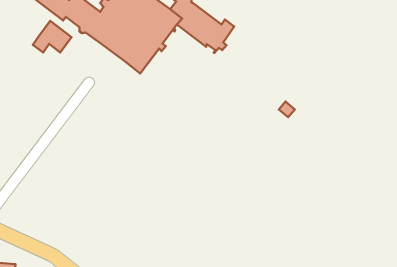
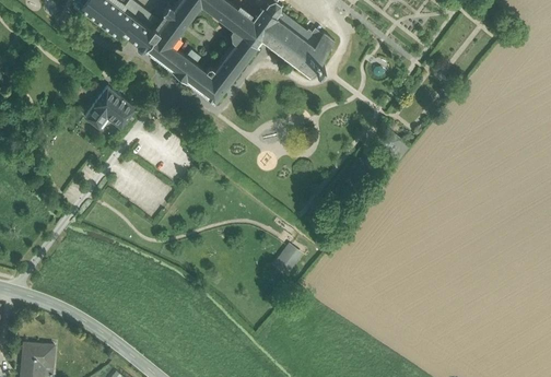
building: [33,21,71,53] -> [85,89,134,129]
building: none -> [273,246,303,278]

